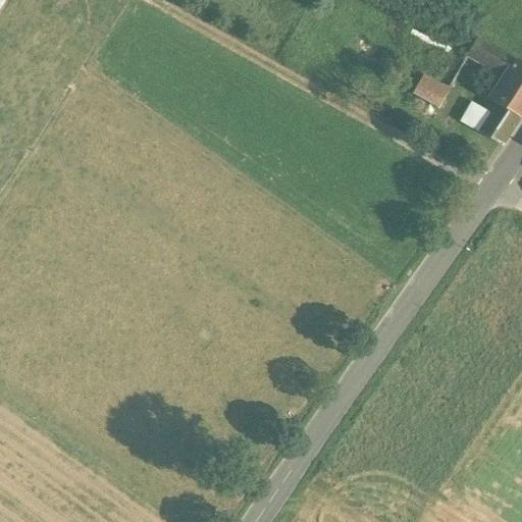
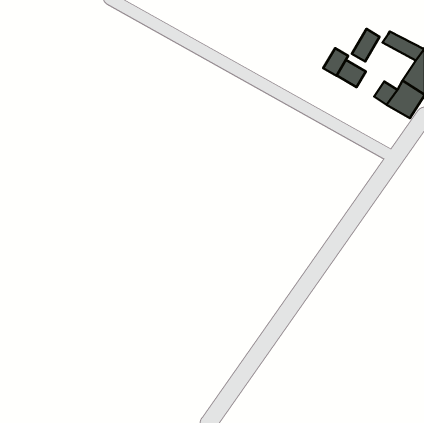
building: none -> [352,29,380,62]
building: none -> [323,48,348,76]

